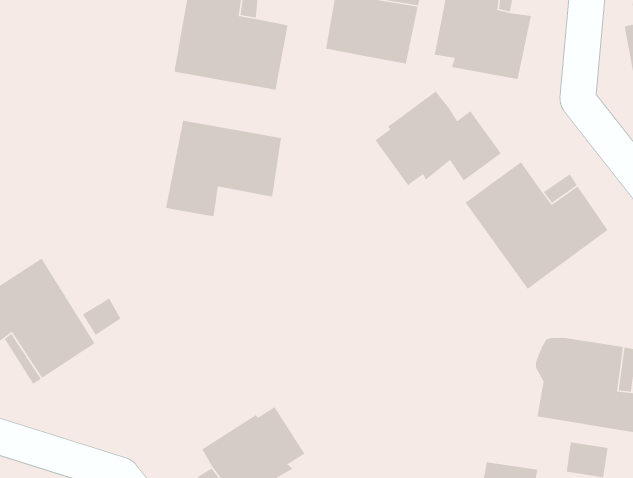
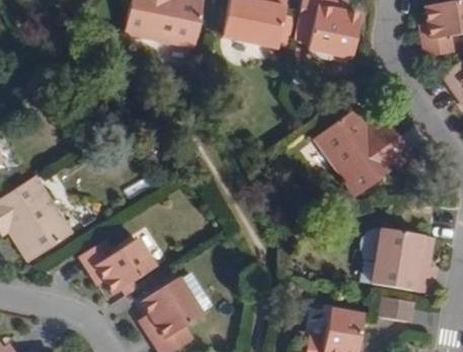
building: [374,90,502,186] -> none
building: [165,120,282,217] -> none
building: none -> [82,237,157,292]

